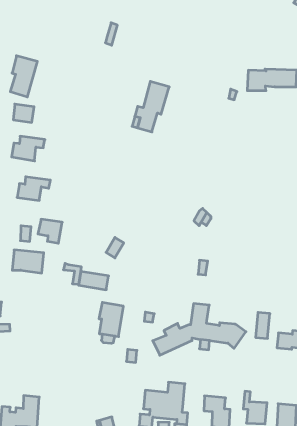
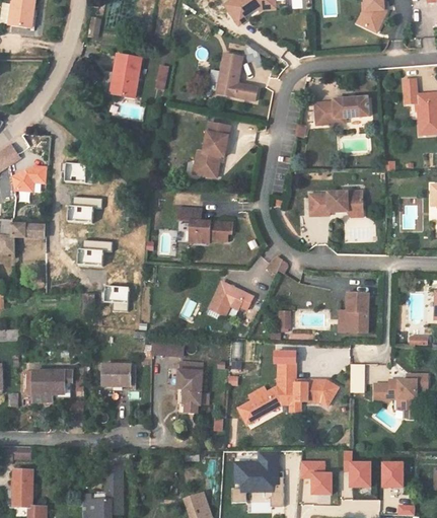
building: none -> [216,54,256,100]
building: [10,56,37,97] -> [114,54,140,97]
building: none -> [309,191,362,215]
building: none -> [177,209,232,243]
building: none -> [210,281,253,315]
building: none -> [347,294,368,332]
building: [12,250,44,273] -> [102,364,135,386]

